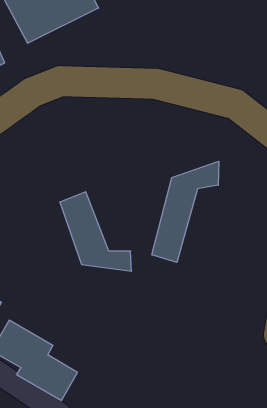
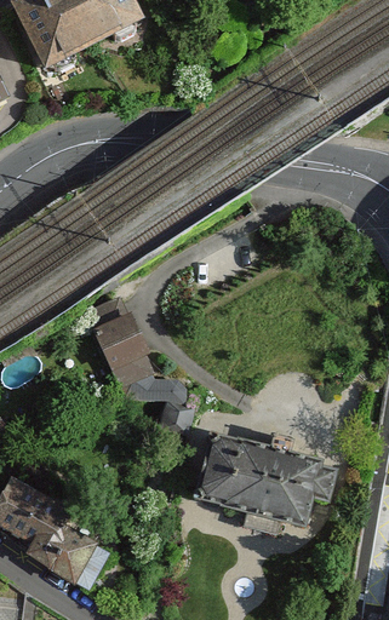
building: [152,161,219,262] -> none
building: none -> [195,432,342,534]

